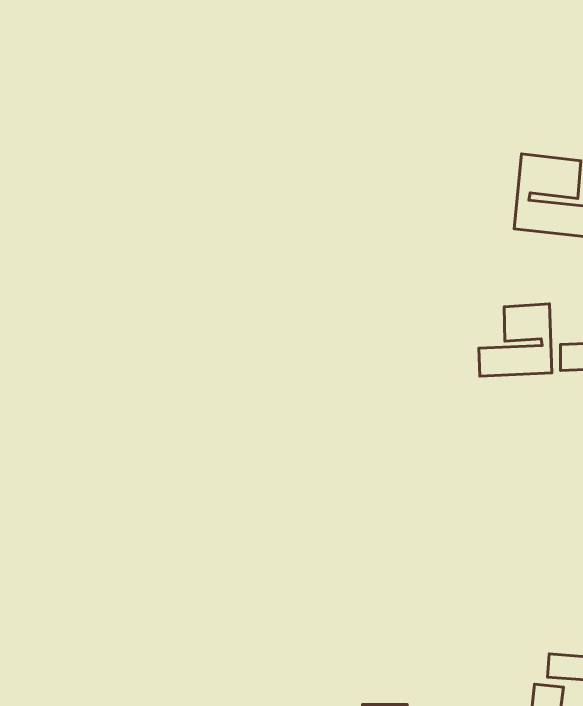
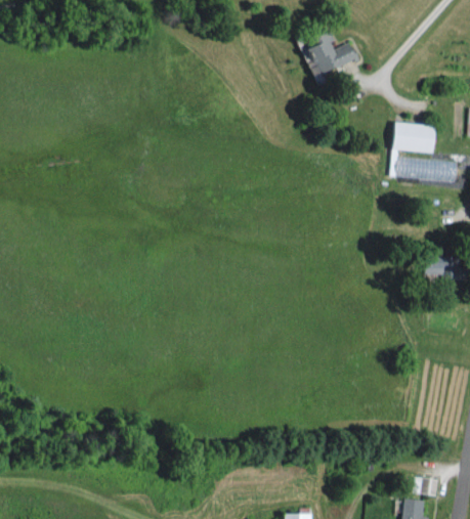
building: none -> [306,30,358,77]
building: [479,304,552,376] -> none

